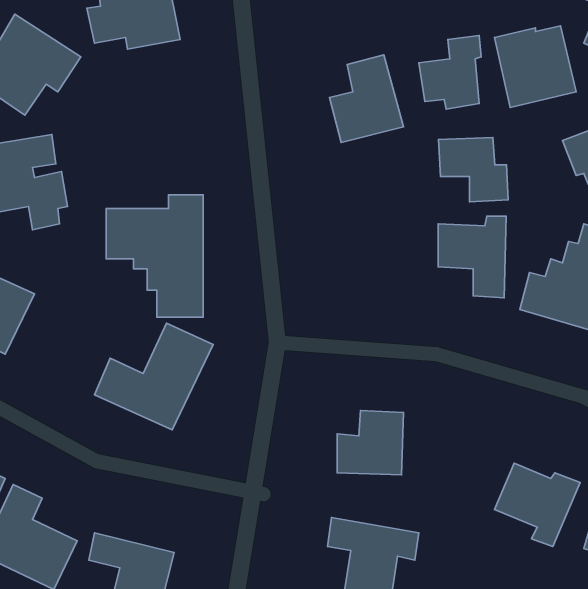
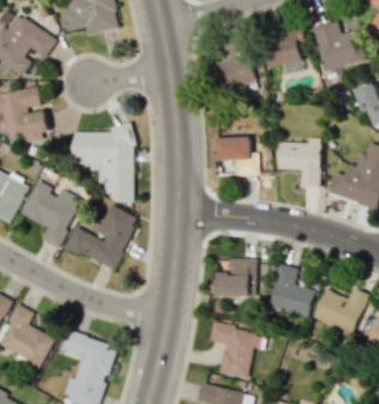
building: [438,138,508,202] -> [216,137,259,176]
building: none -> [22,181,82,249]
building: none -> [270,264,315,316]

